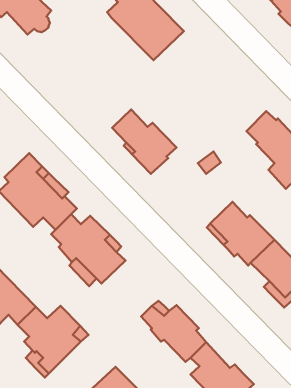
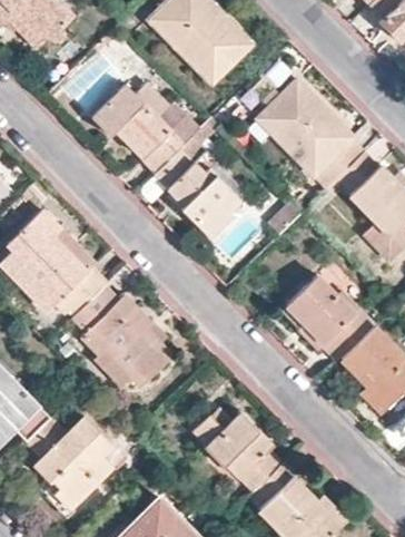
building: none -> [257,80,363,189]
building: none -> [93,84,200,173]

